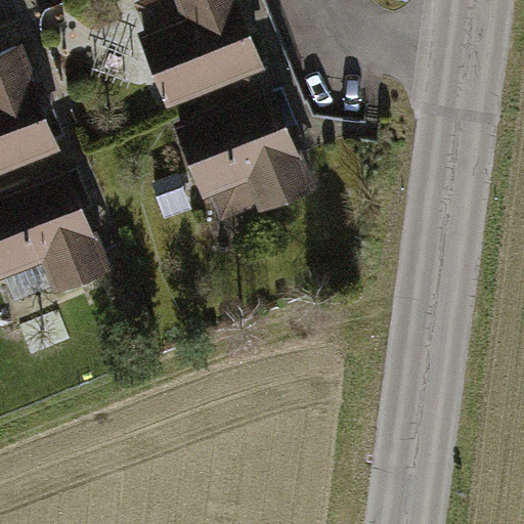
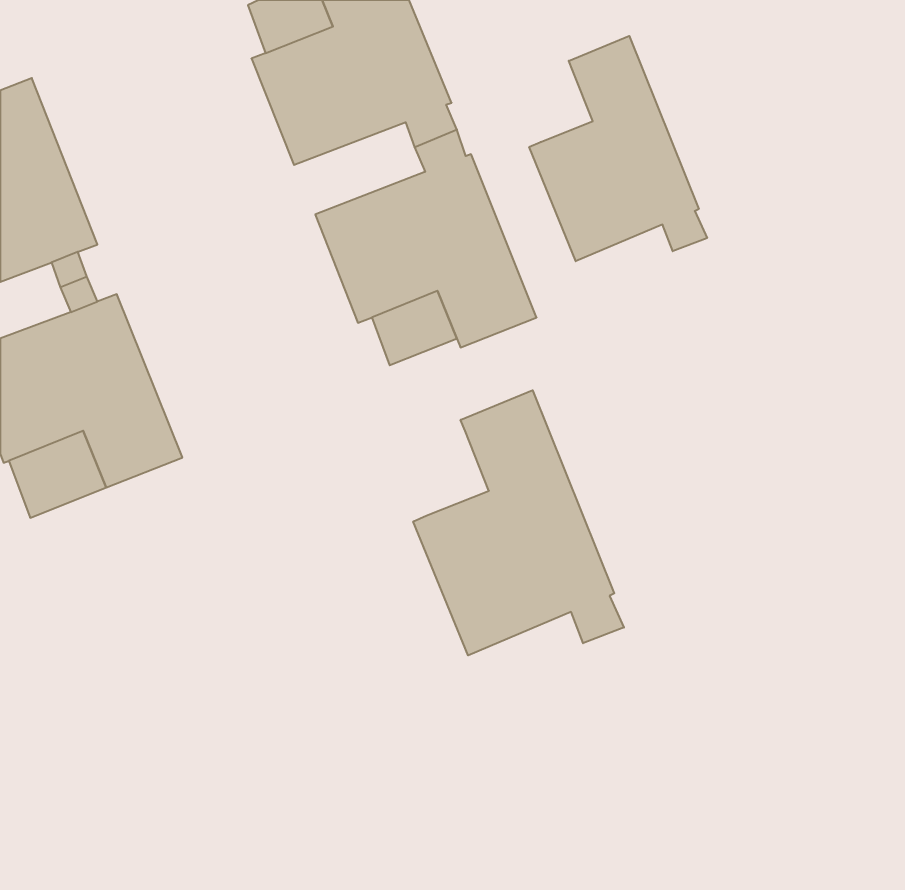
building: none -> [529,36,707,261]
building: none -> [413,390,624,655]

